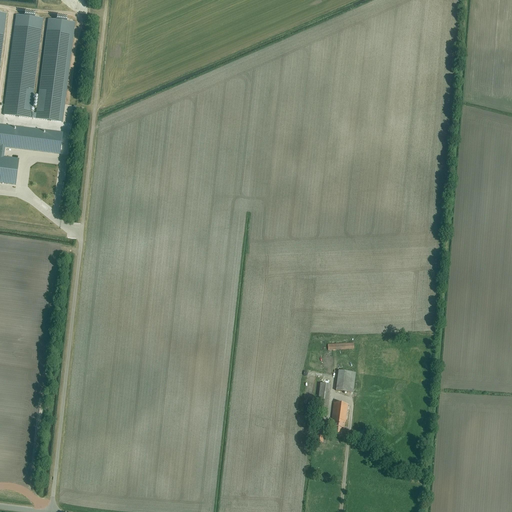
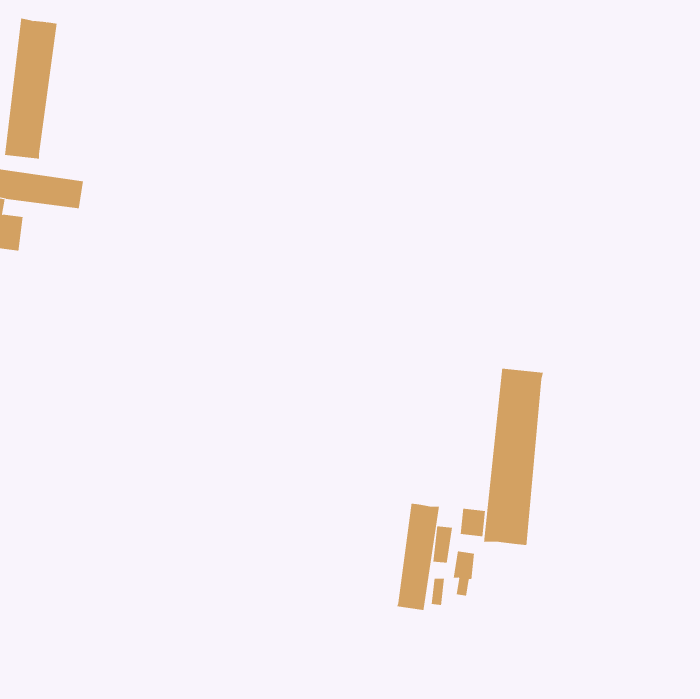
building: [29,18,74,120] -> none
building: none -> [484,368,543,546]
building: none -> [397,503,439,611]

